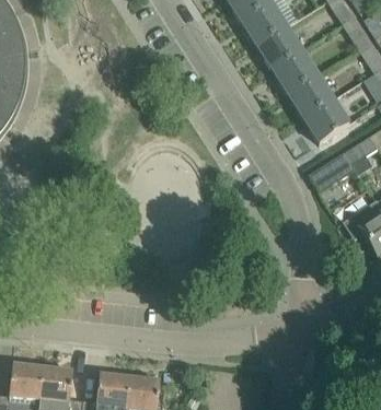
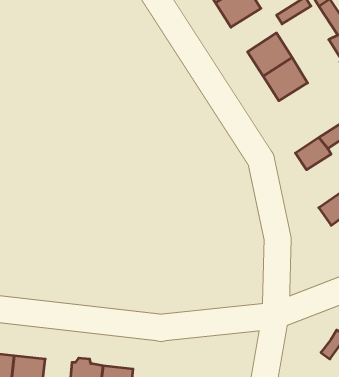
building: [256,26,301,69] -> none
building: [303,99,348,142] -> none

